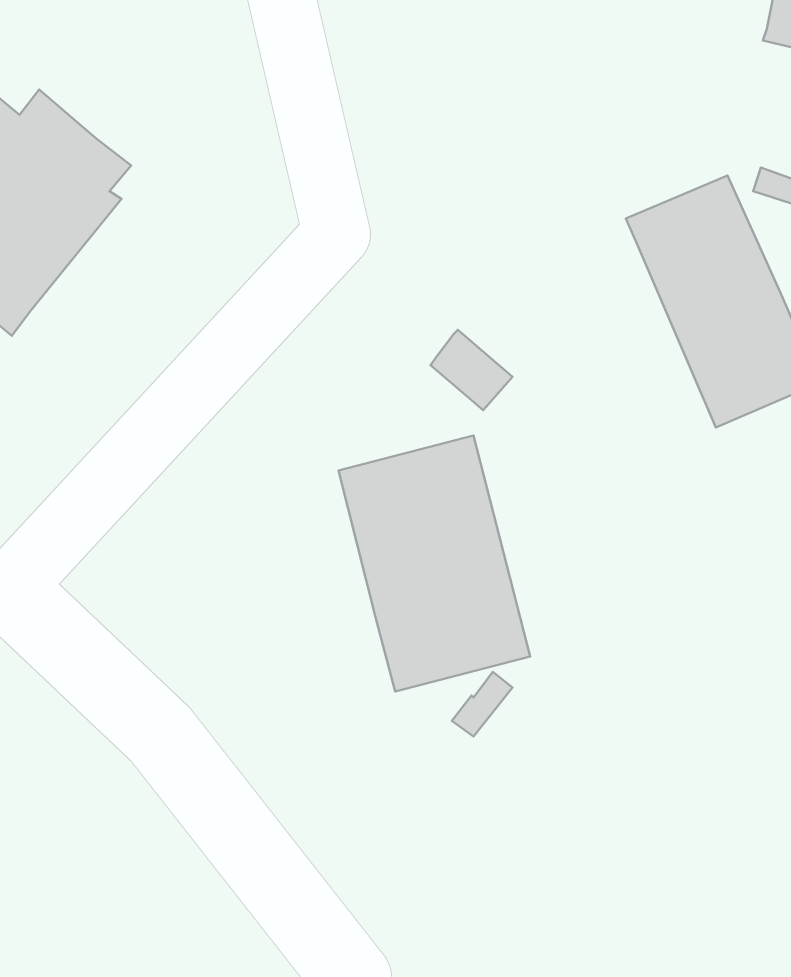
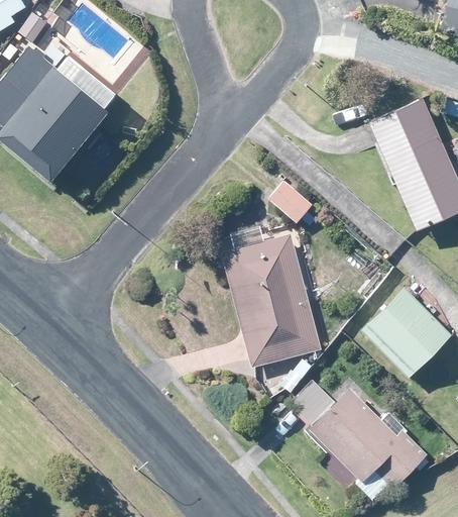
building: none -> [363,288,451,377]
building: none -> [290,380,427,498]

